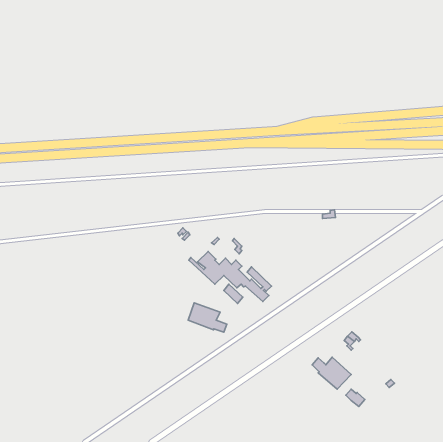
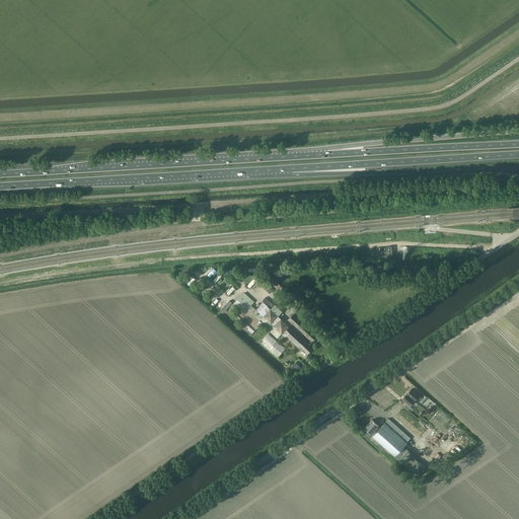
building: [188,303,227,332] -> none

